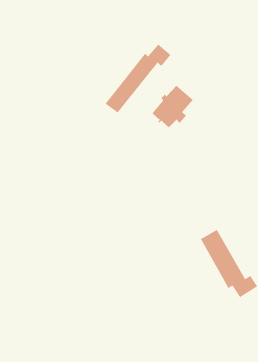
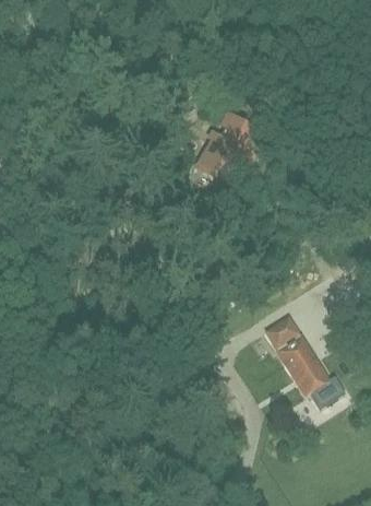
building: [105,44,172,114] -> none

